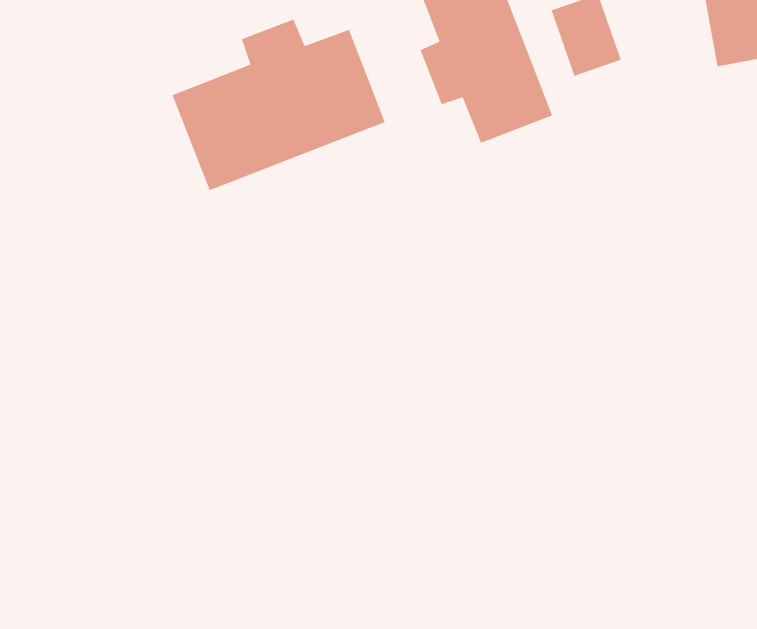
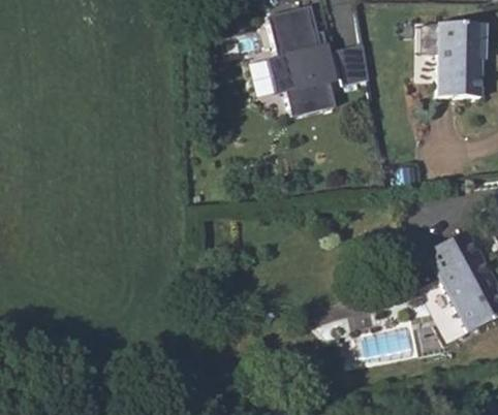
building: [172,19,386,191] -> none

